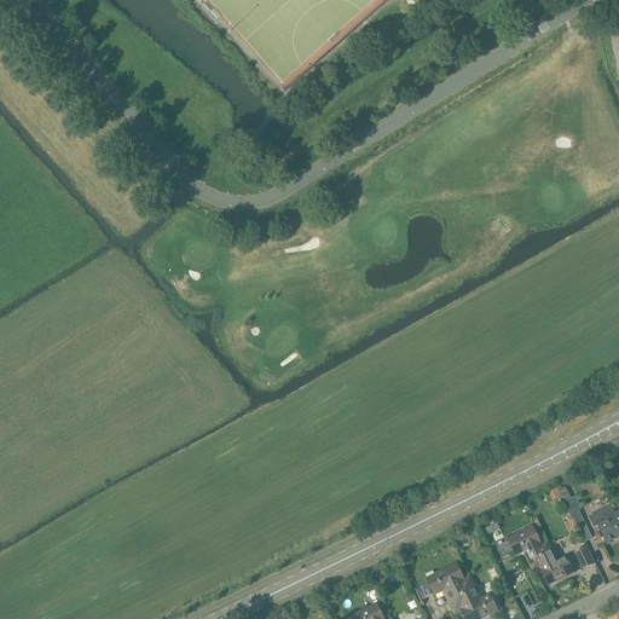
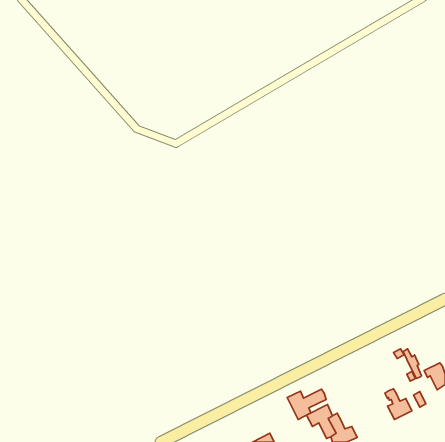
building: [488,525,545,567] -> none
building: none -> [287,389,326,419]

